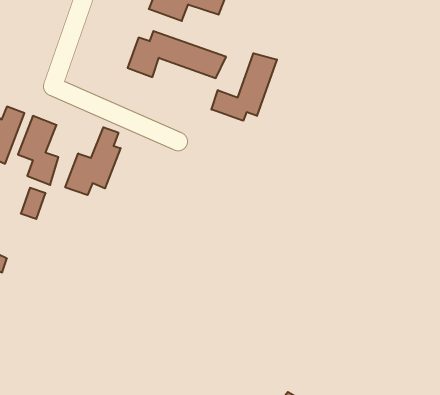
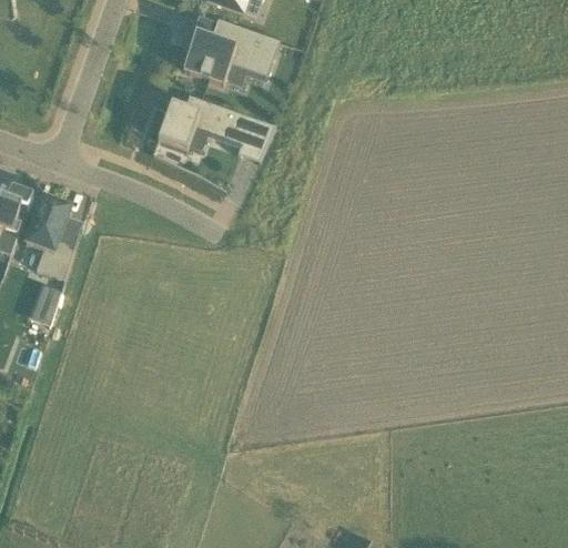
building: [211,53,277,121] -> none
building: [65,127,121,195] -> none

